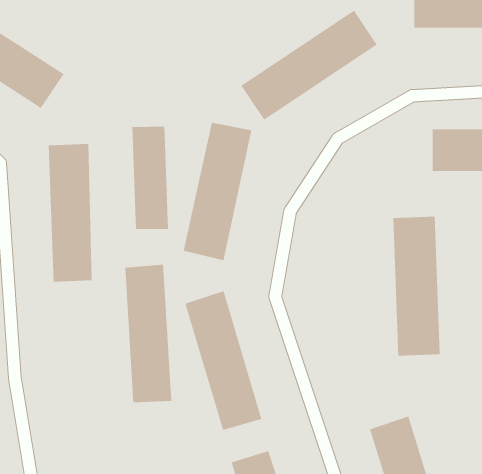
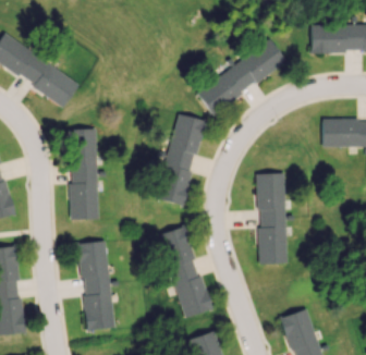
building: [132,126,169,230] -> none
building: [393,216,440,356] -> [256,172,288,265]
building: [124,264,172,403] -> [80,241,111,332]

